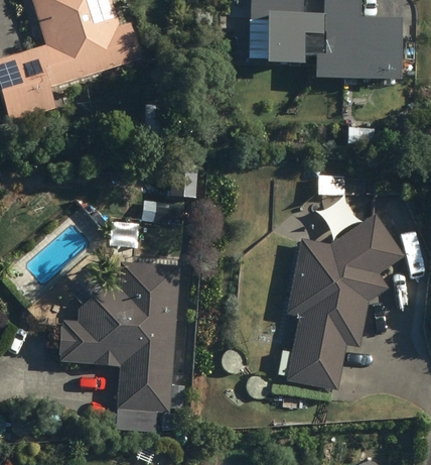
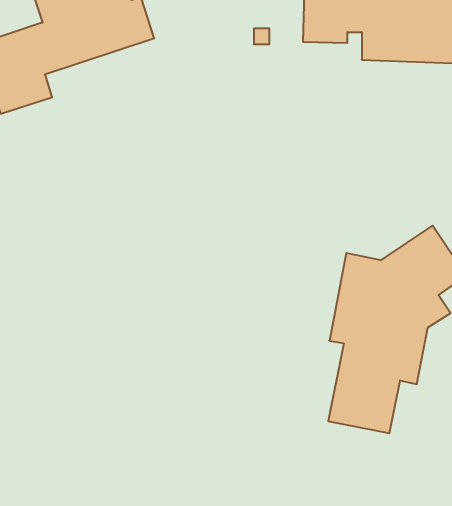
building: [57,263,179,412] -> none

